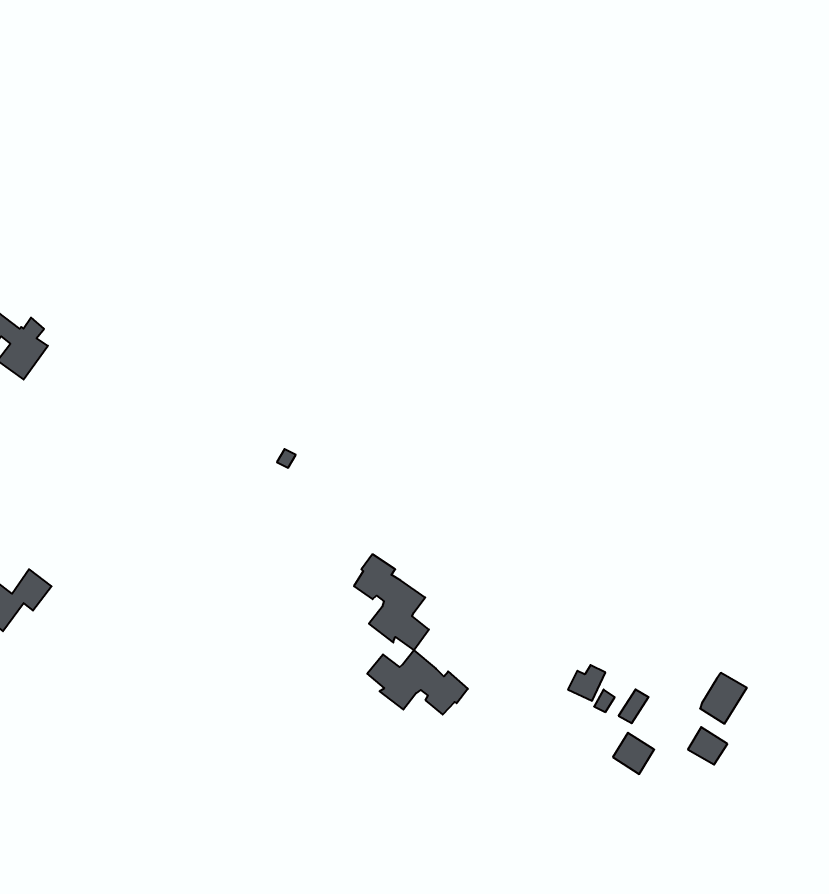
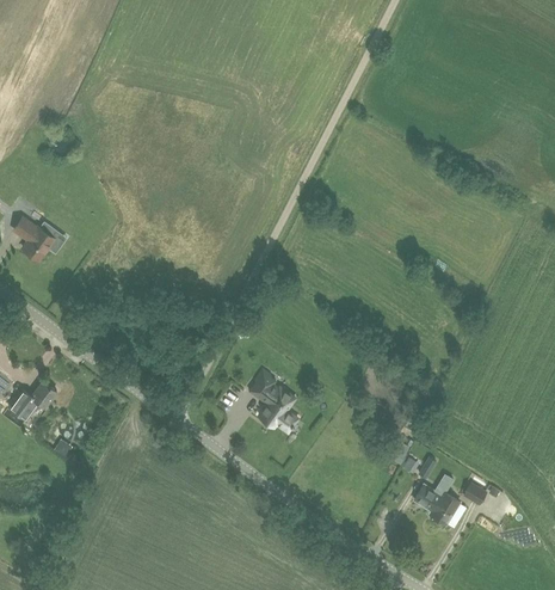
building: [367,650,468,715] -> none
building: [700,673,747,724] -> [430,491,460,523]

